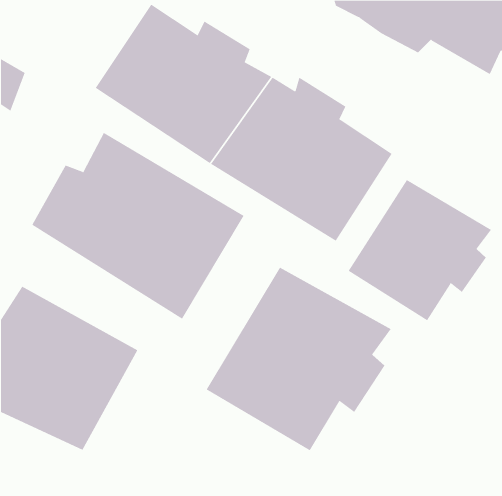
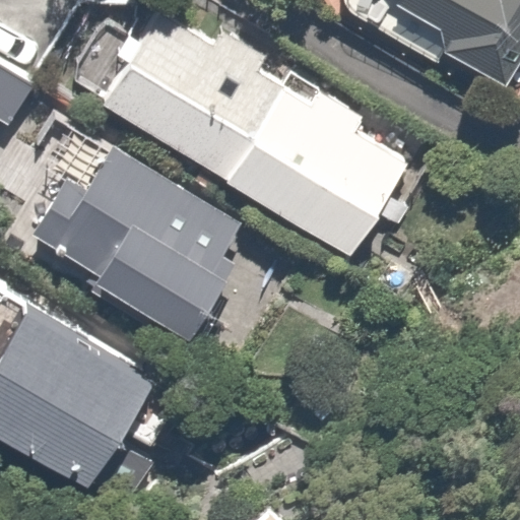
building: [348,179,492,321] -> none
building: [206,267,391,451] -> none

